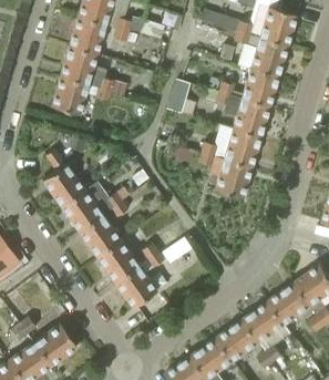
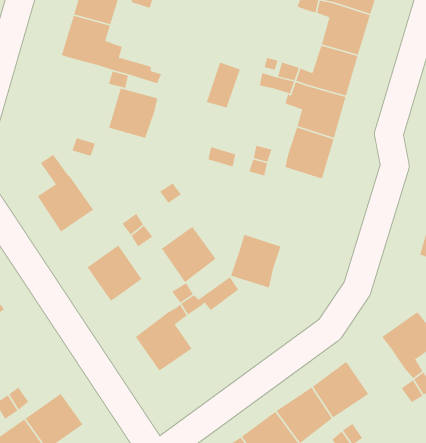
building: [52,76,89,114] -> [108,87,158,139]
building: [215,158,253,198] -> [230,234,282,288]
building: [61,189,103,232] -> none
building: [97,240,138,283] -> [161,226,217,283]
building: [270,283,312,325] -> none

